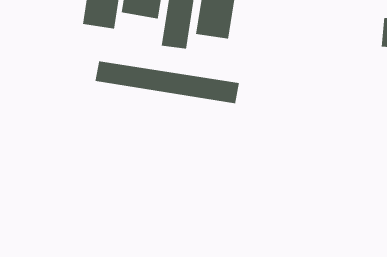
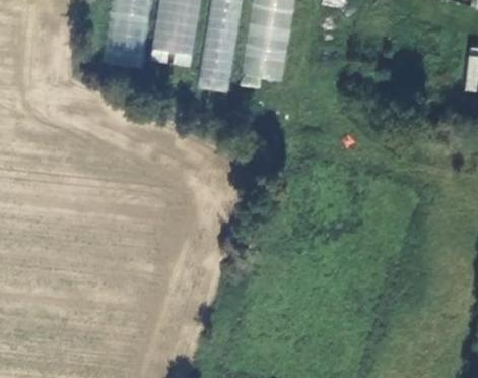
building: [95,60,239,104] -> none

